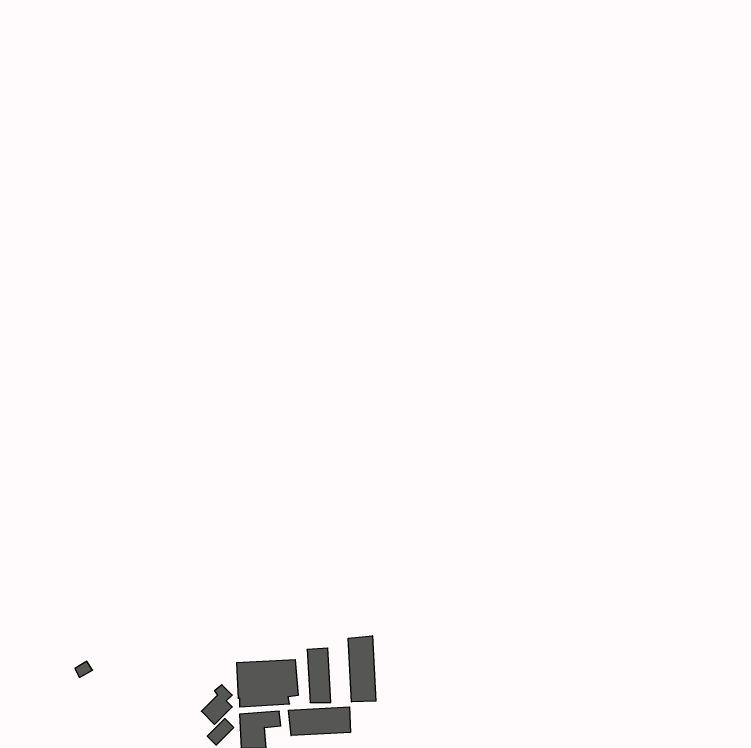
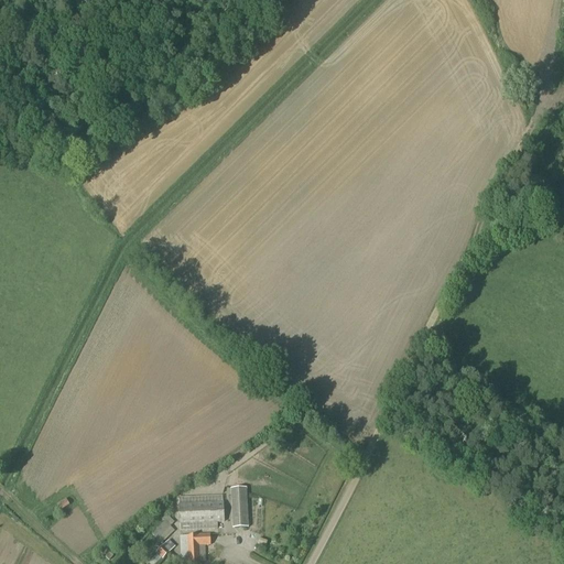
building: [348,636,376,702] -> none
building: [289,707,350,736] -> none

